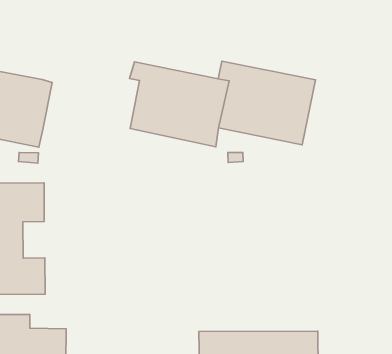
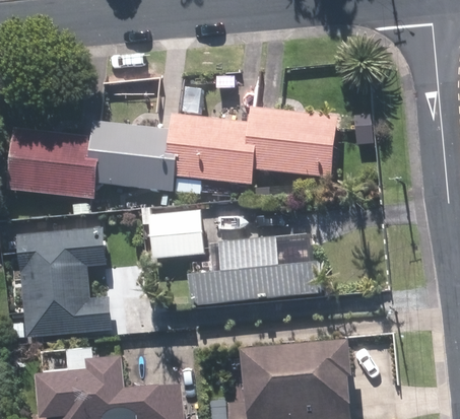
building: none -> [86,120,174,191]
building: none -> [148,211,203,257]
building: none -> [189,236,323,305]

